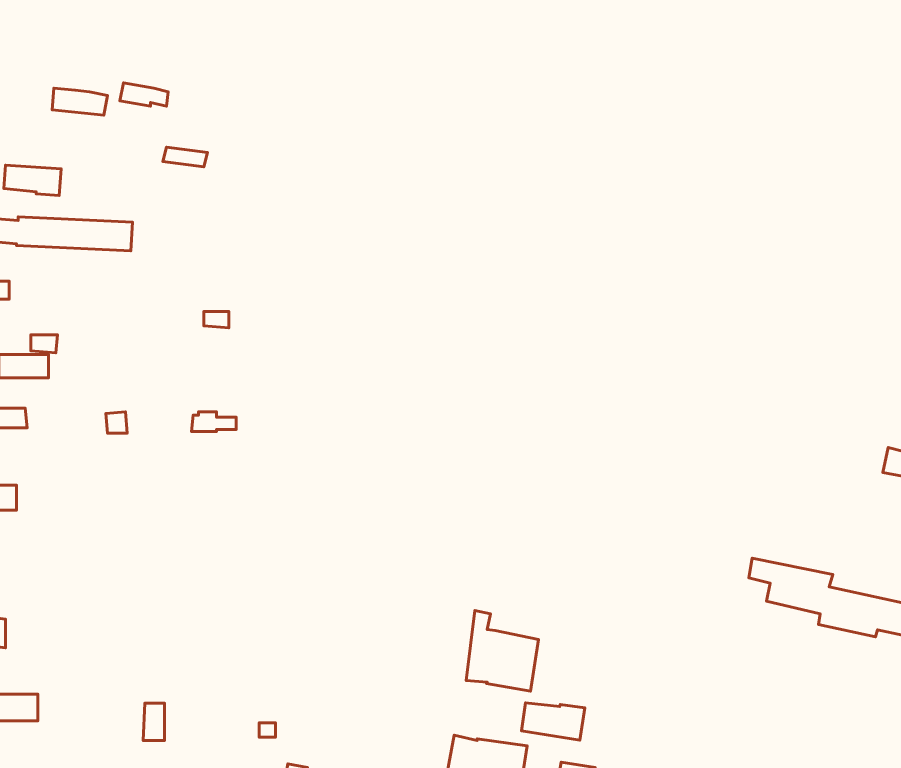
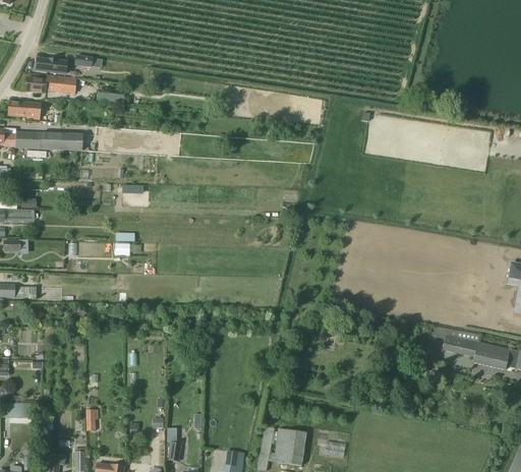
building: none -> [26,74,76,94]
building: [466,610,538,691] -> none
building: [522,703,585,740] -> none

